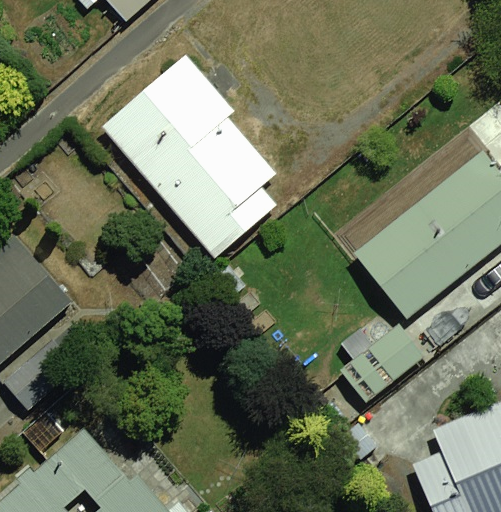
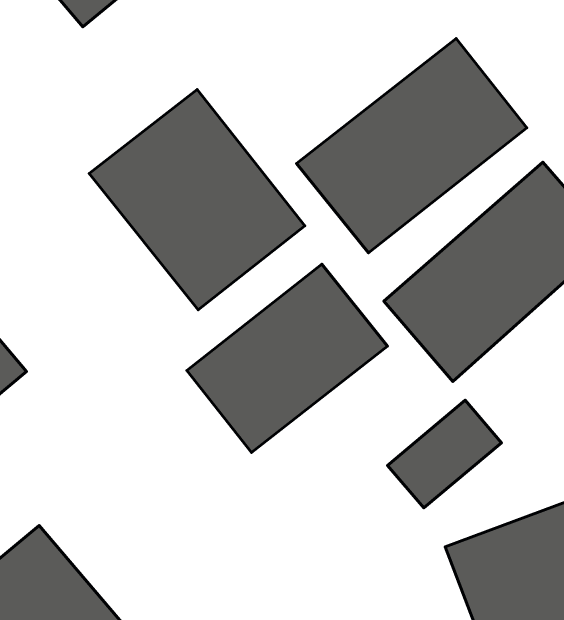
building: none -> [296,38,527,253]
building: none -> [187,264,387,452]

